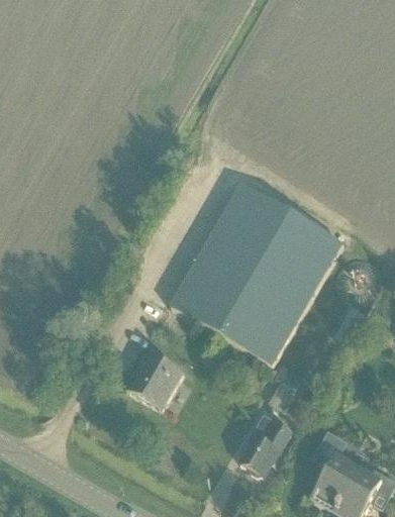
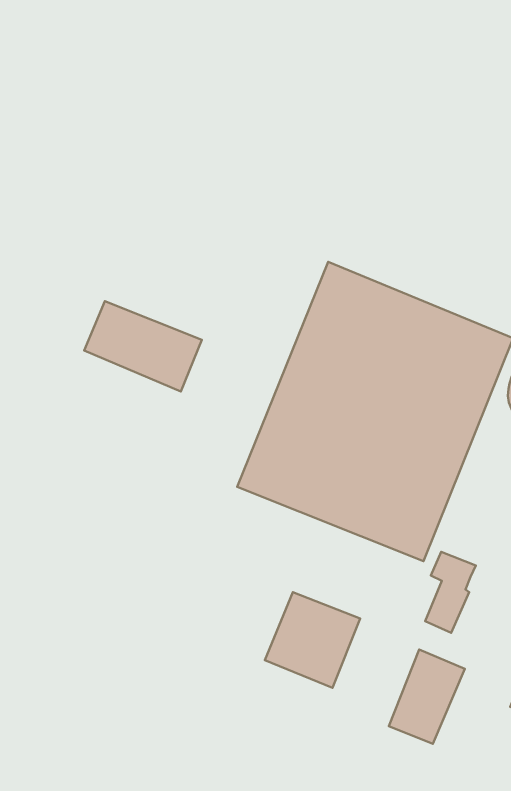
building: none -> [84,301,202,392]
building: [125,349,185,409] -> [265,592,360,688]

